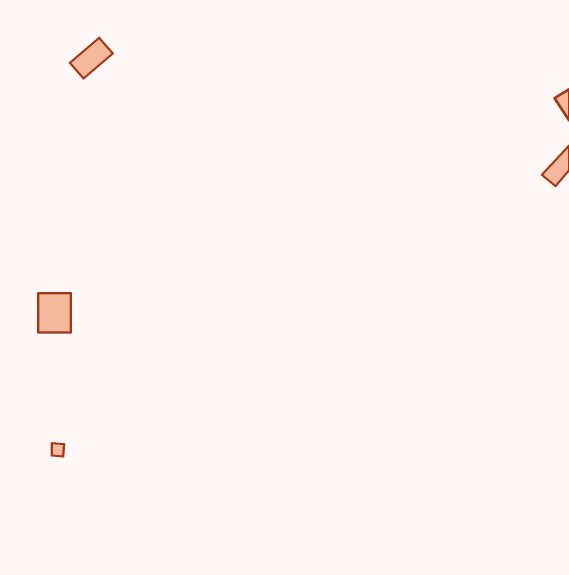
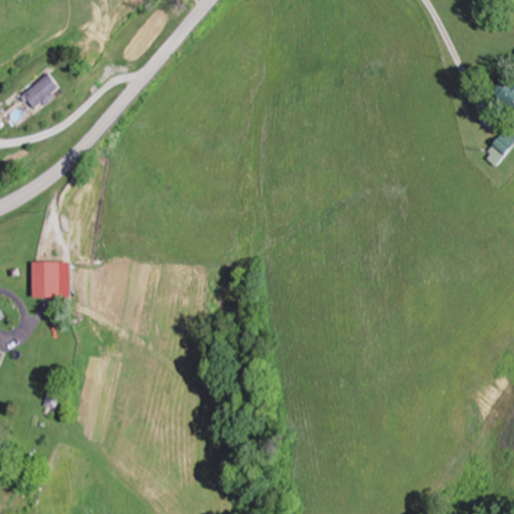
building: [70,38,113,78] -> [22,72,60,108]

